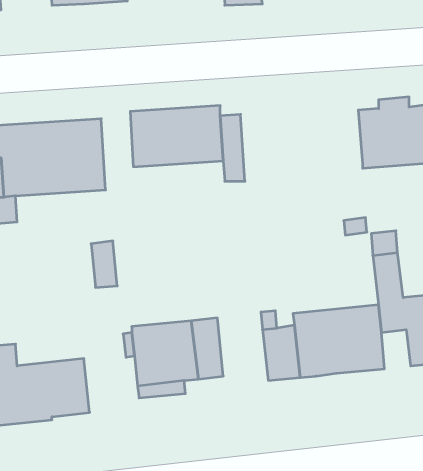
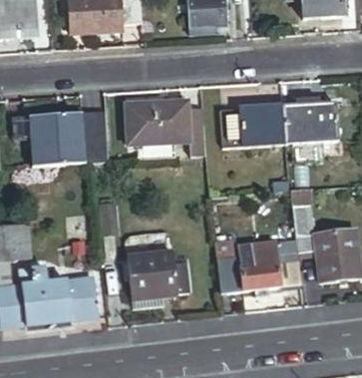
building: none -> [219,104,286,146]

